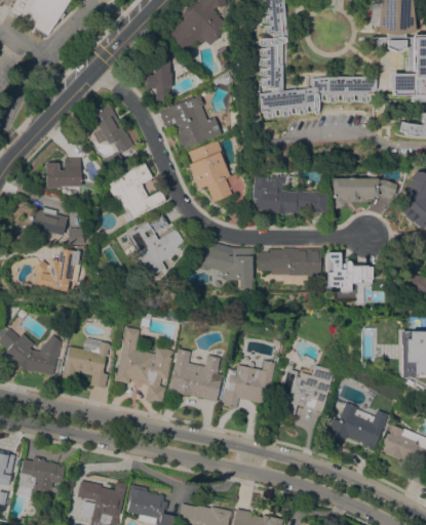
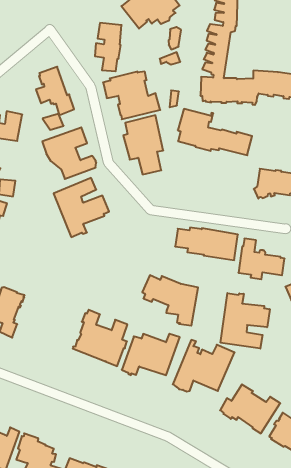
building: [251,175,328,214] -> [178,109,252,155]
building: [196,243,253,289] -> [142,275,198,326]
building: none -> [221,293,270,349]
building: [116,327,175,404] -> none

